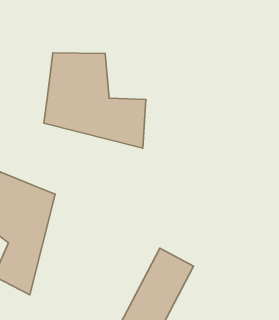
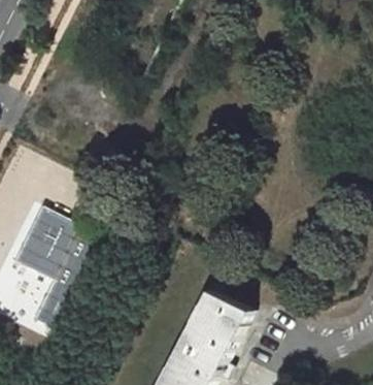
building: [44,53,146,148] -> none

